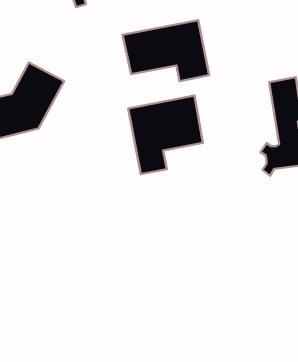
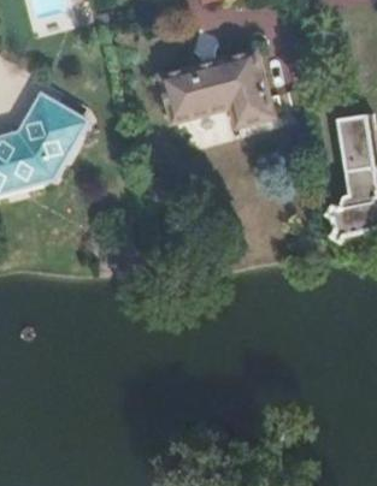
building: [128,96,203,174] -> none

